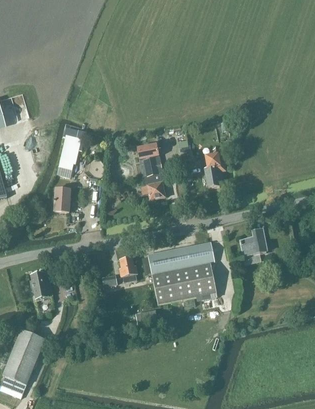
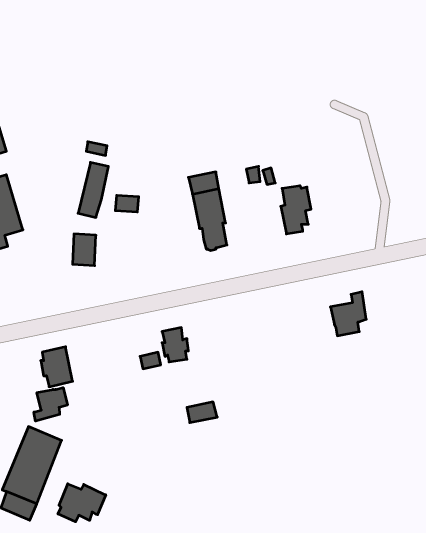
building: [142,241,217,304] -> none
building: none -> [34,388,67,421]
building: none -> [58,484,106,522]

